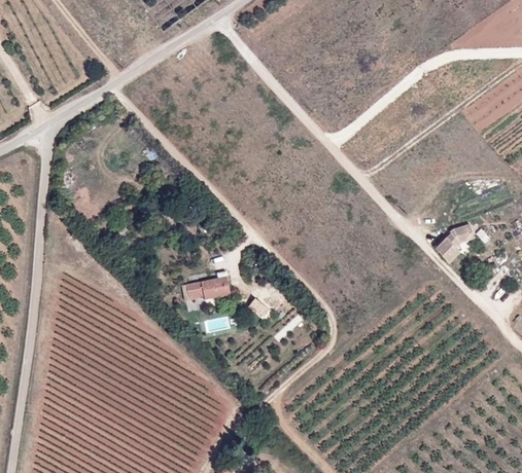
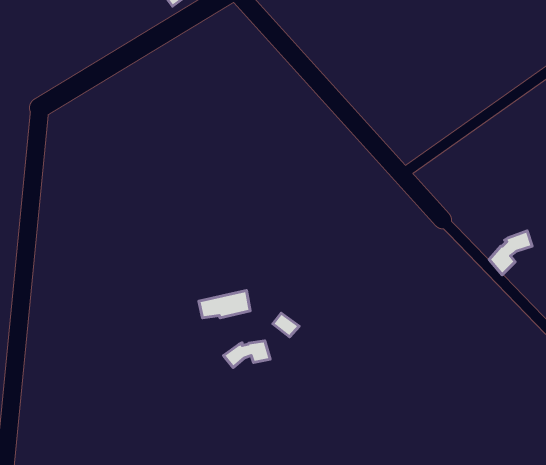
building: none -> [224,341,270,367]

